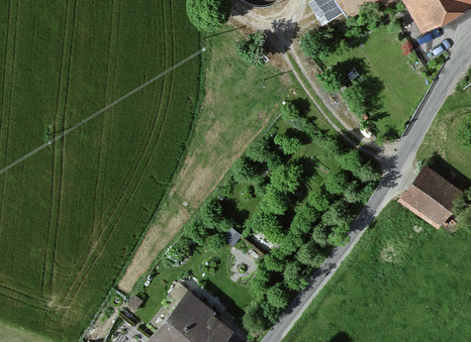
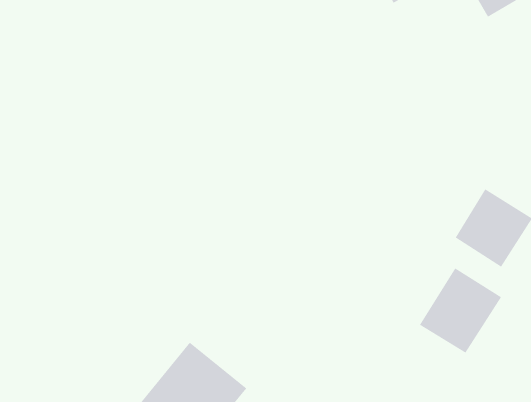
building: none -> [419,267,502,353]

